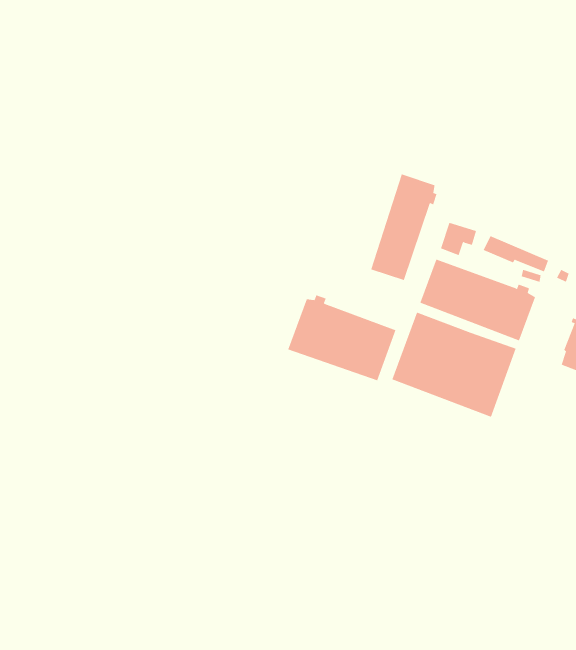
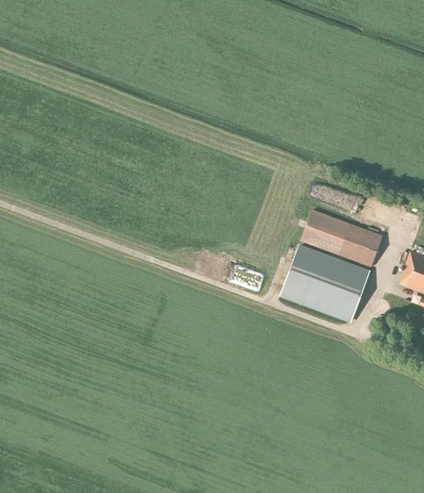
building: [371,173,437,281] -> none
building: [288,294,396,381] -> none

